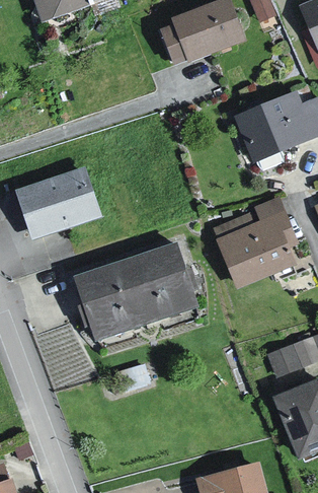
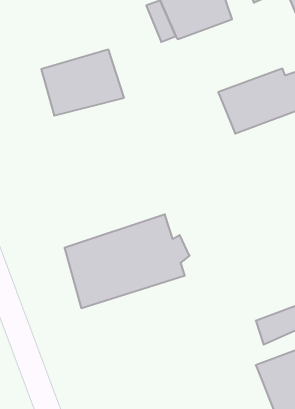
building: [13,170,98,238] -> [41,50,124,116]
building: [215,197,295,282] -> none

